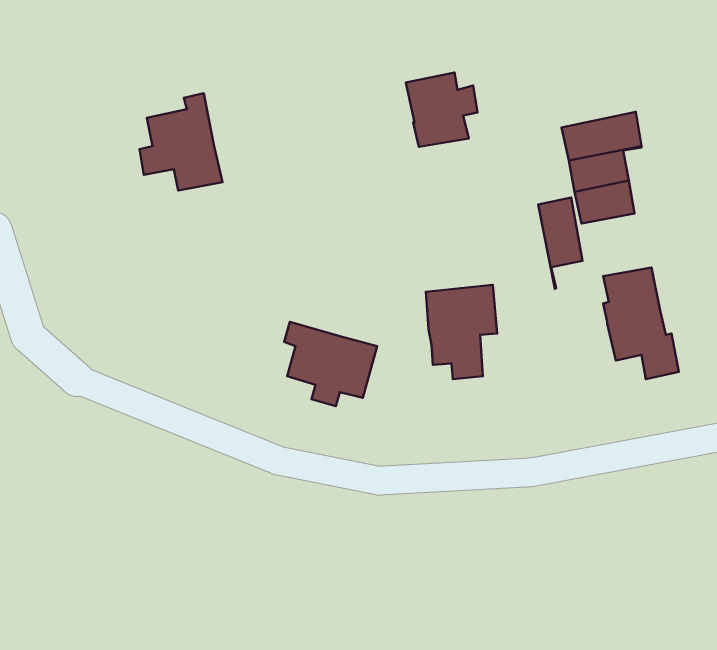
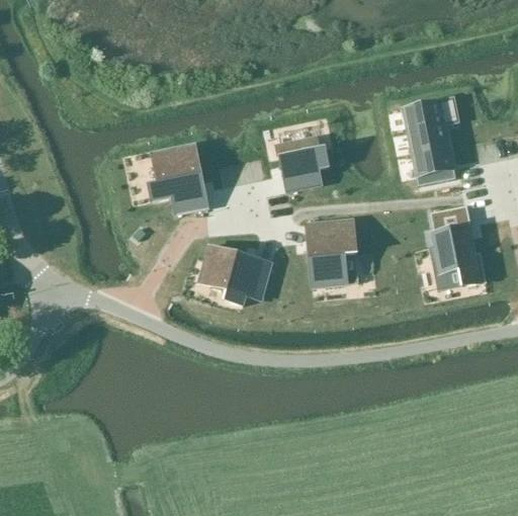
building: [406,73,477,147] -> [278,139,329,191]
building: [140,93,222,191] -> [150,145,208,213]
building: [538,197,583,289] -> none

